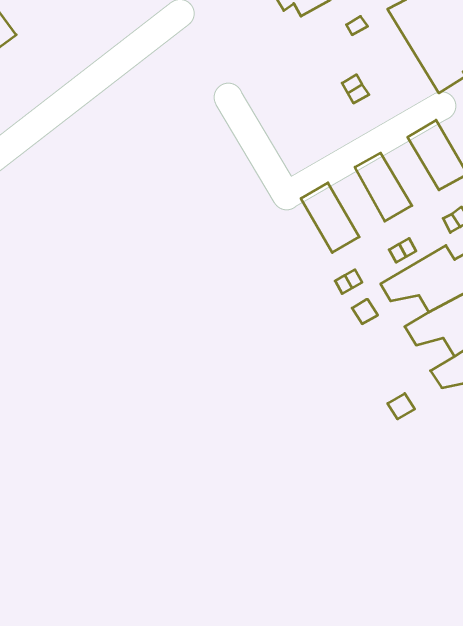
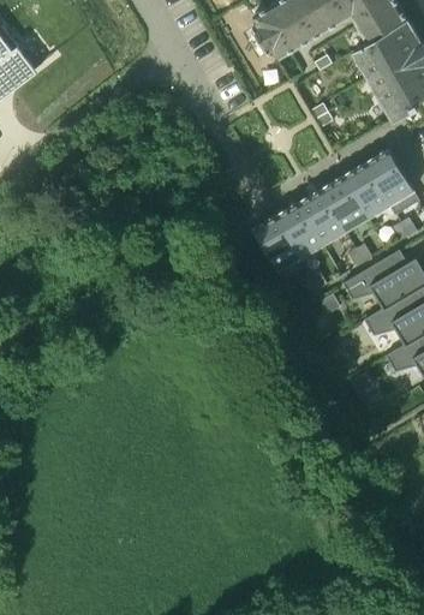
building: none -> [344,159,393,216]
building: none -> [299,184,347,243]
building: none -> [252,210,303,269]

